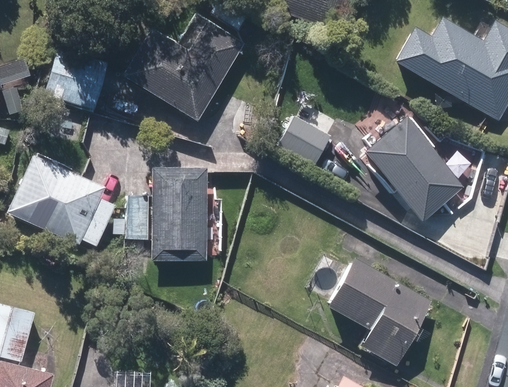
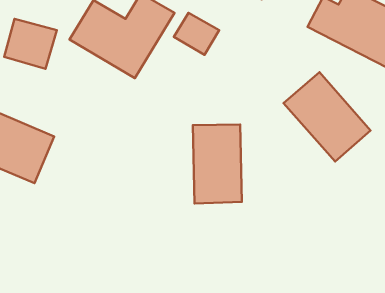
building: [285,114,338,163] -> [174,13,219,55]
building: [150,168,207,260] -> [193,124,242,203]
building: [323,260,428,364] -> none

